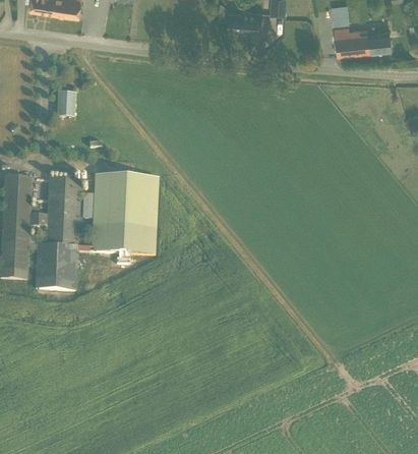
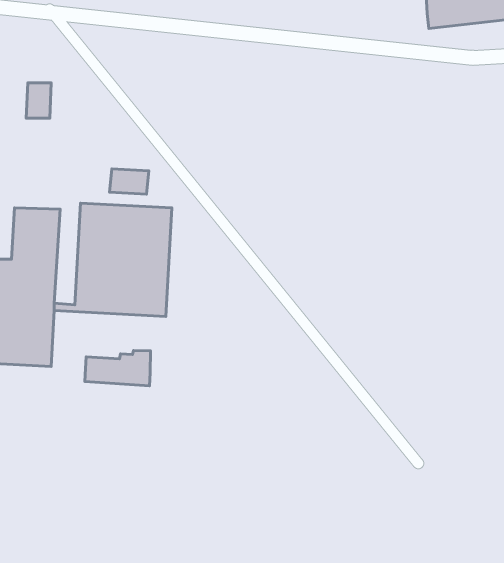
building: none -> [110,169,149,194]
building: none -> [85,350,150,386]

